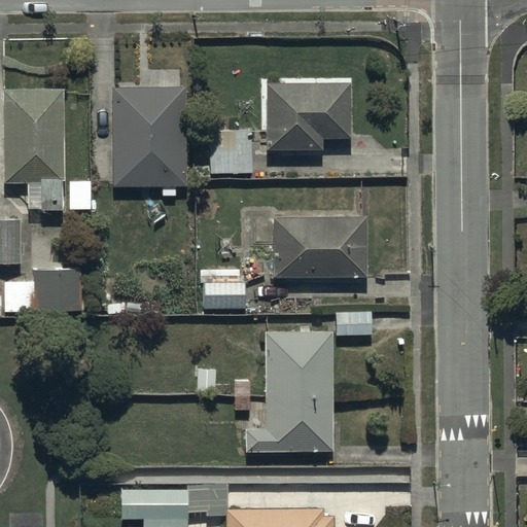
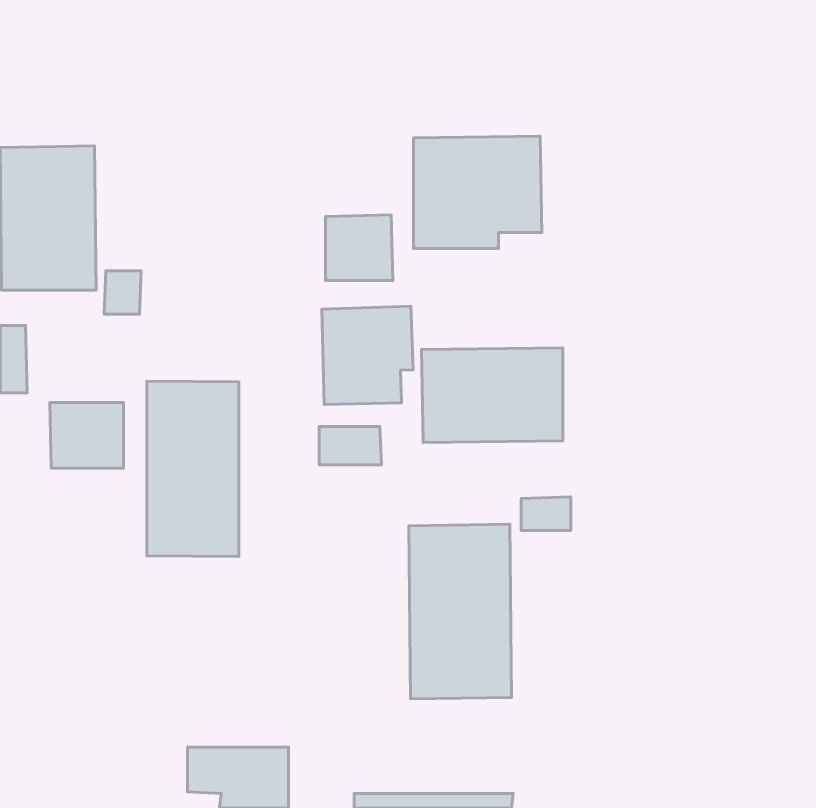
building: [115,79,188,179] -> none
building: none -> [322,306,413,404]
building: none -> [147,381,239,557]

